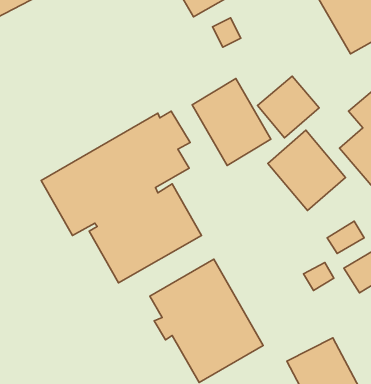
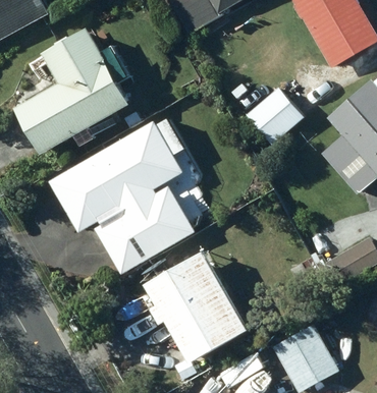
building: none -> [15,30,131,155]
building: [192,78,271,166] -> none
building: [268,130,345,211] -> none

